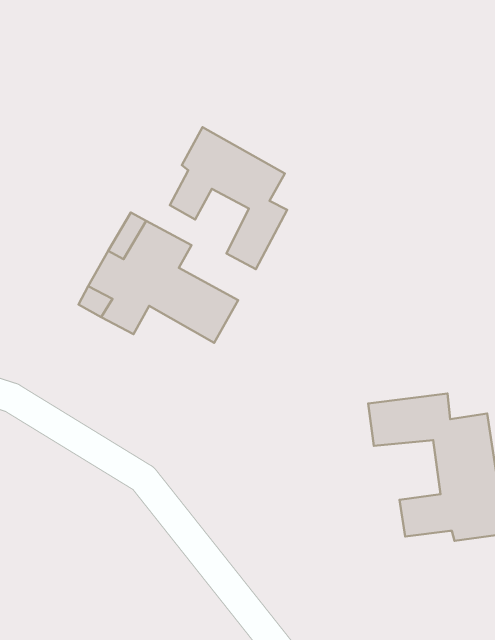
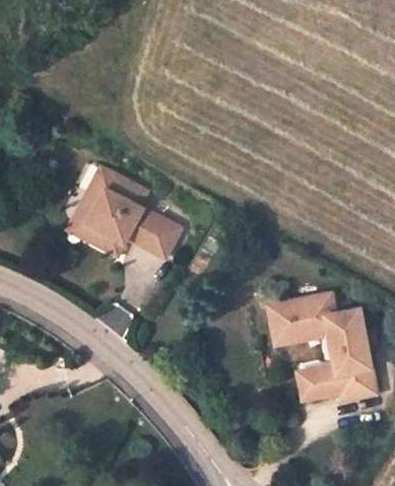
building: [170,127,287,269] -> none

